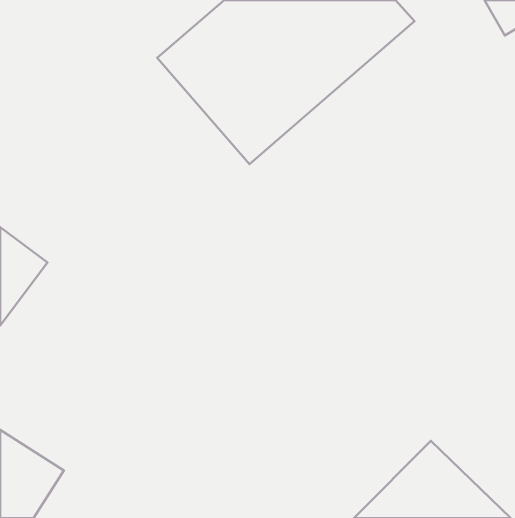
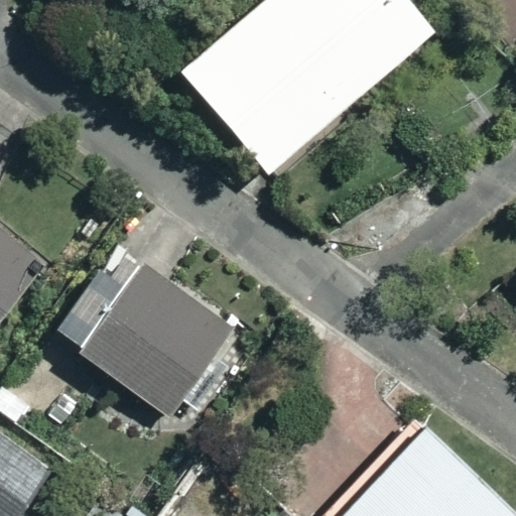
building: none -> [76,258,244,424]

